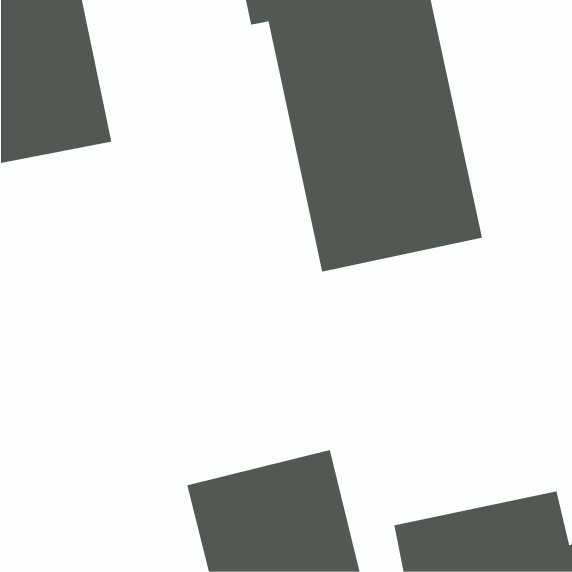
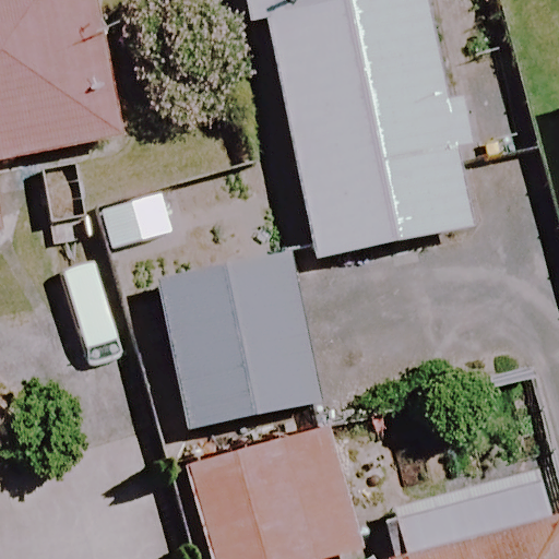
building: none -> [162,260,319,427]

